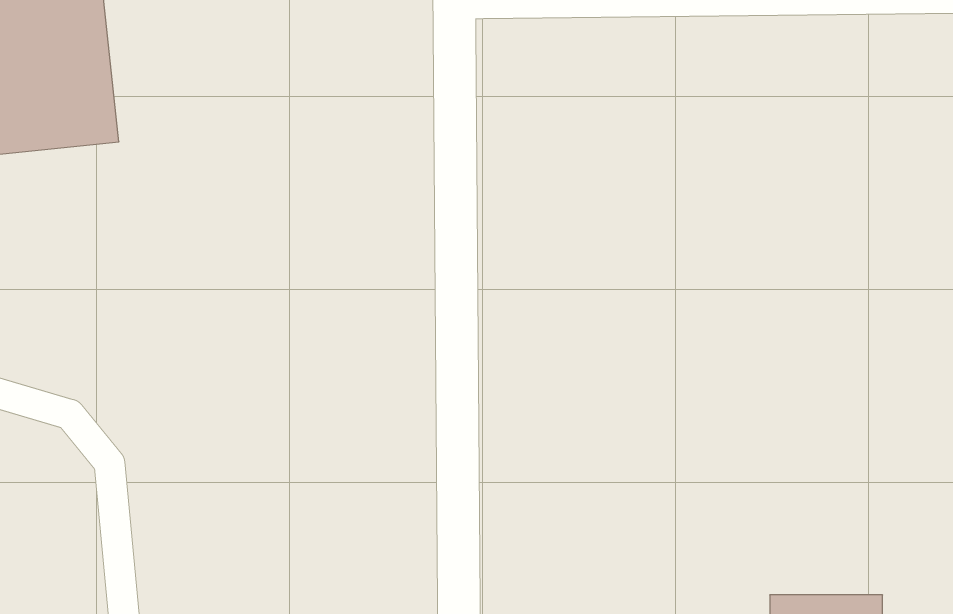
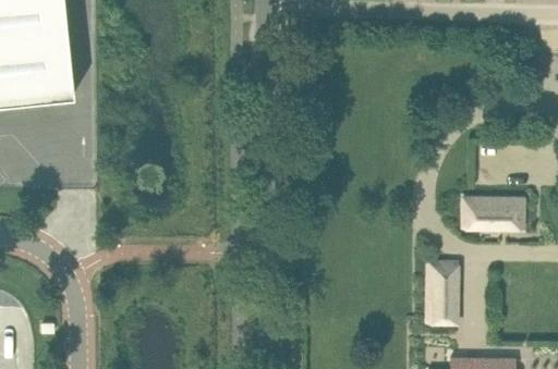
building: none -> [461,197,523,231]
building: none -> [424,260,457,322]

